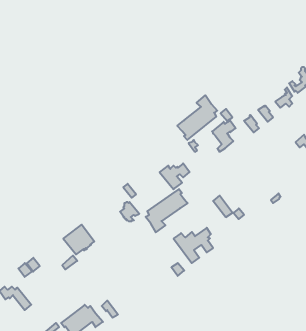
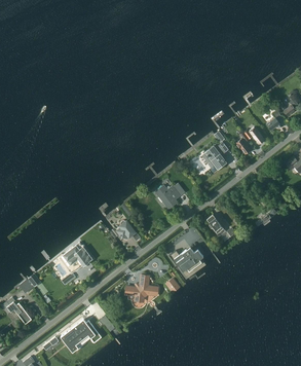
building: [177,95,217,140] -> none
building: [146,189,188,232] -> none
building: none -> [126,276,157,301]

